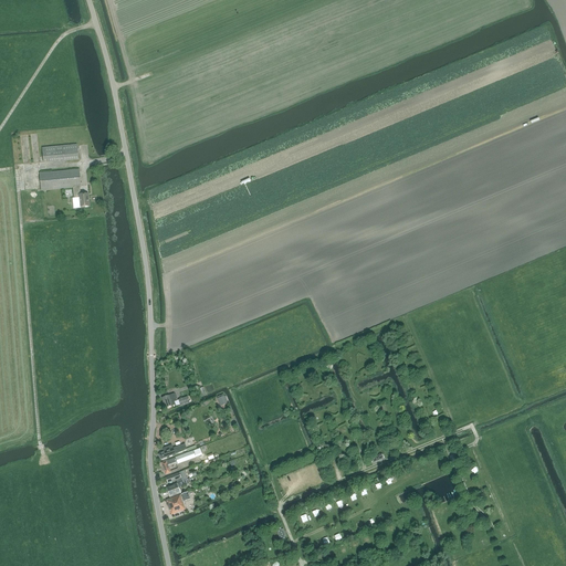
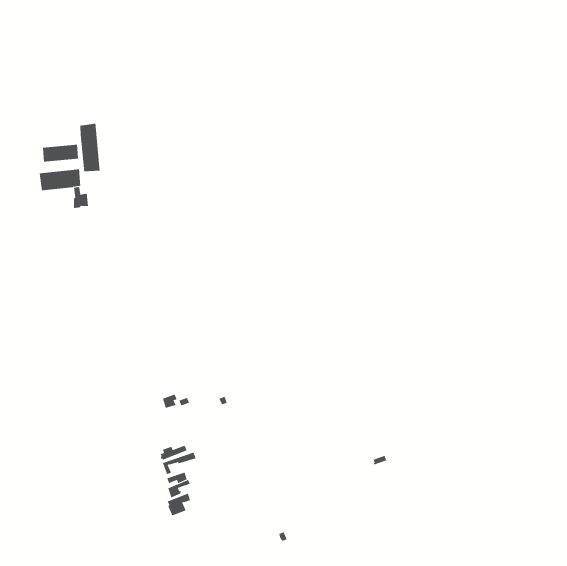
building: none -> [79,123,100,172]

